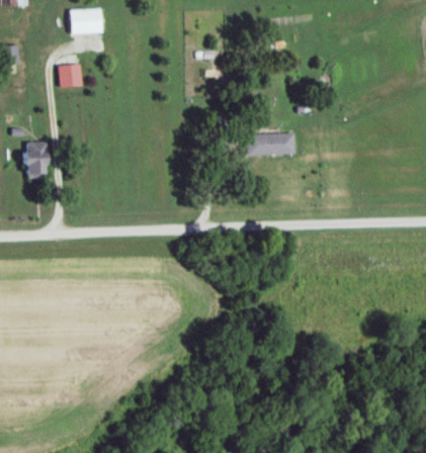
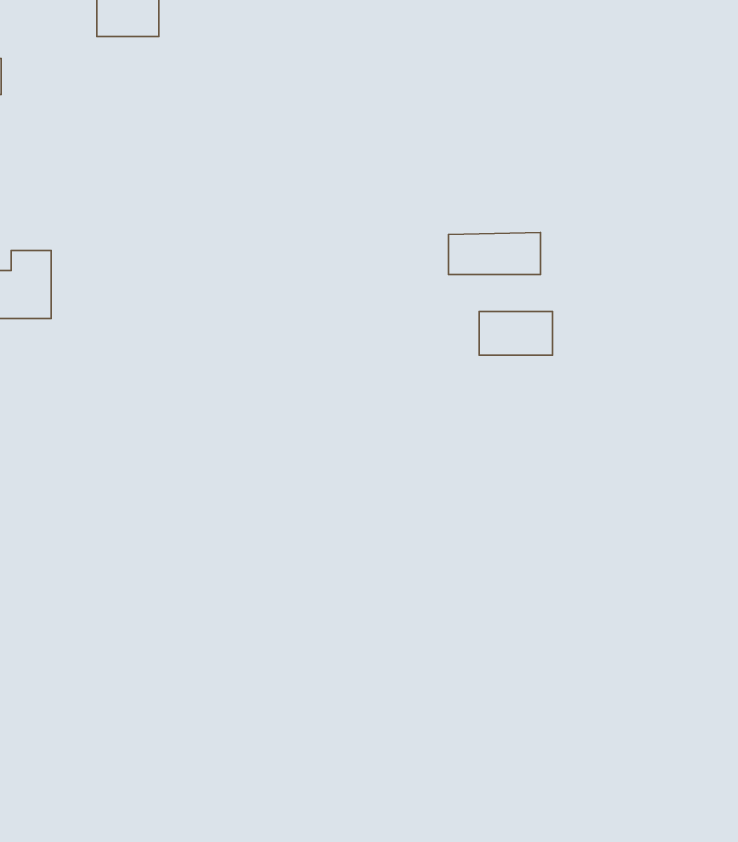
building: [58,64,81,86] -> none
building: none -> [479,311,553,355]

